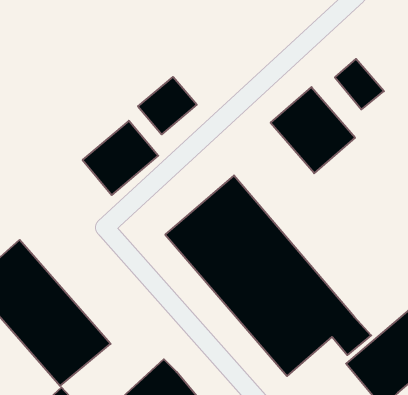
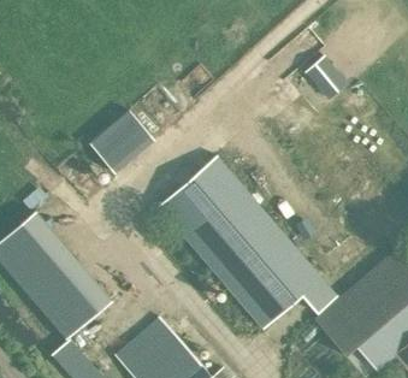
building: [138,77,197,134] -> none
building: [271,87,355,173] -> none

